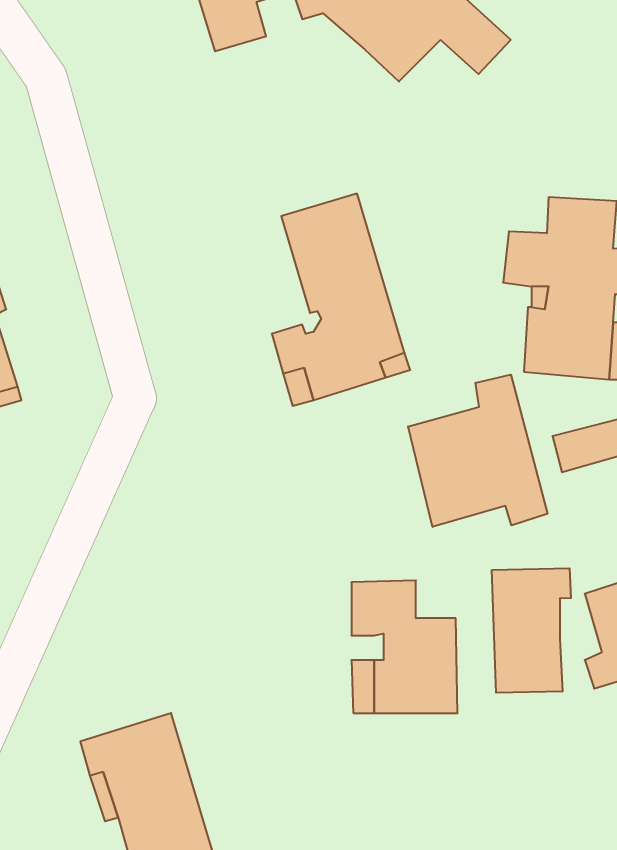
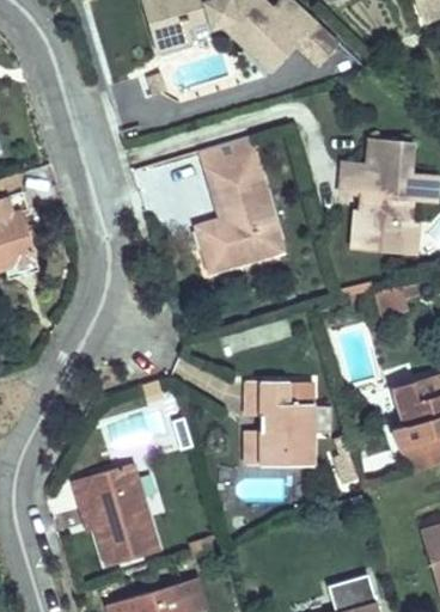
building: [408,375,547,527] -> none
building: [492,568,571,693] -> none

